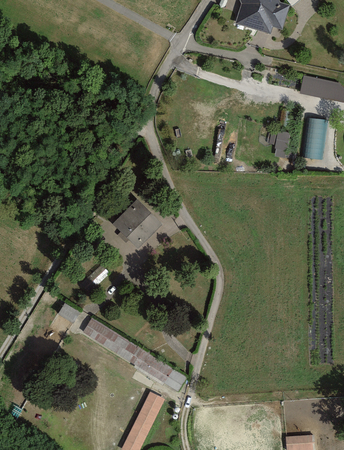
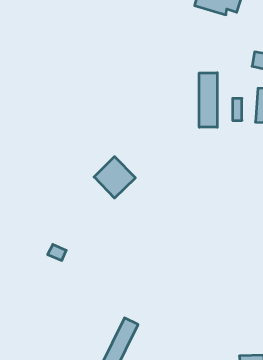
building: none -> [199,73,217,127]
building: [82,319,186,392] -> none

